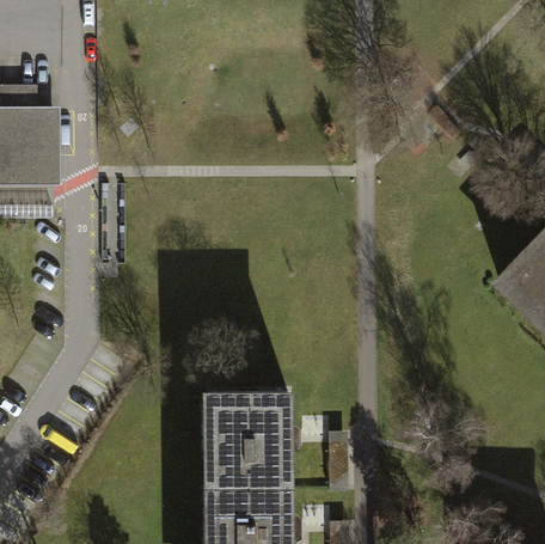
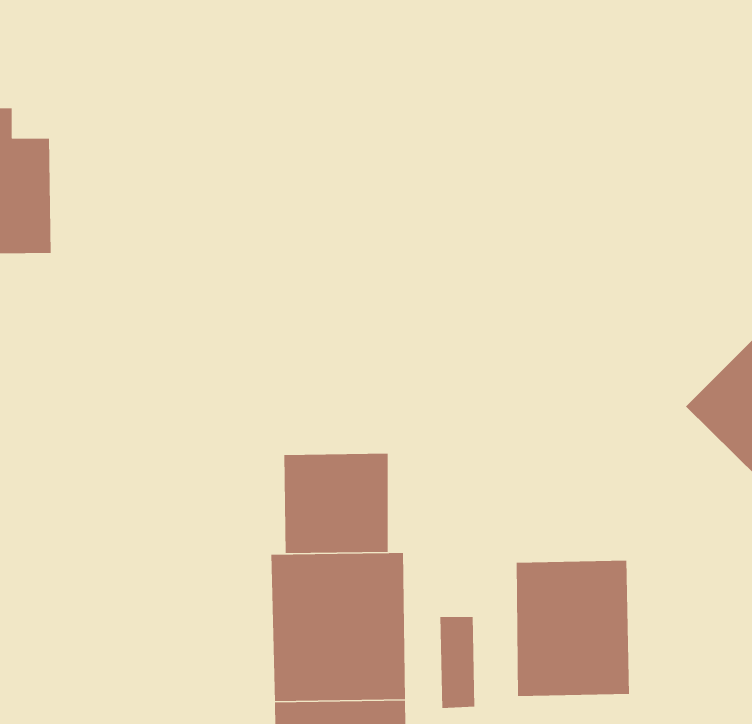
building: none -> [283,453,389,554]
building: none -> [516,560,630,697]

